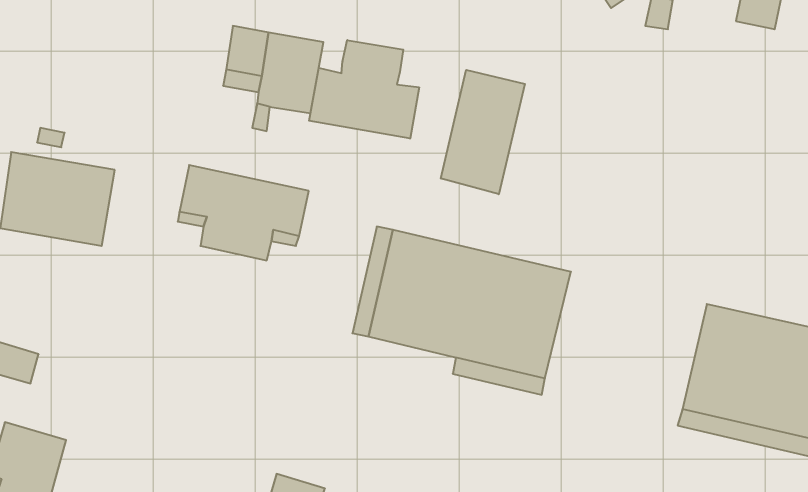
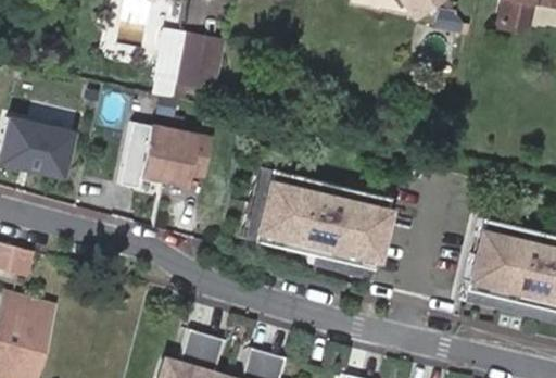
building: [309,40,419,139] -> none
building: [441,70,525,194] -> none

